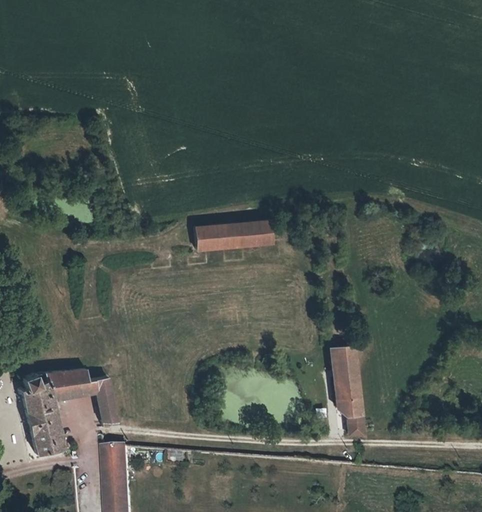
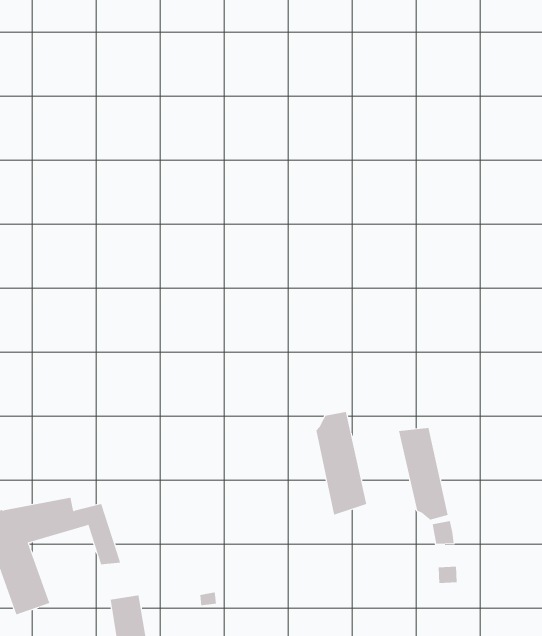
building: [195,220,271,250] -> none
building: none -> [316,411,367,515]

